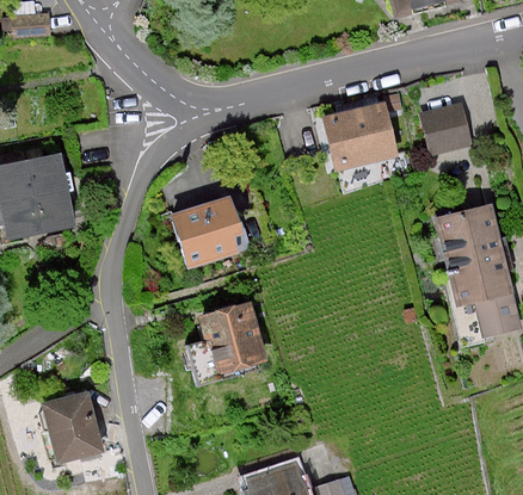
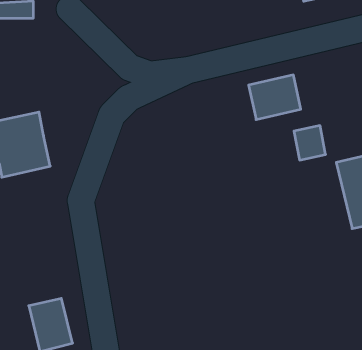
building: [425,106,466,150] -> [294,126,326,160]
building: [177,200,240,260] -> none
building: [207,304,265,371] -> none

